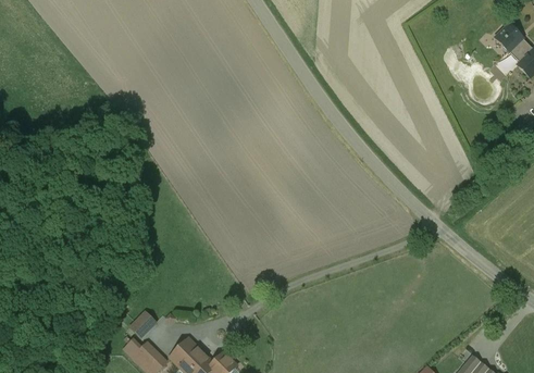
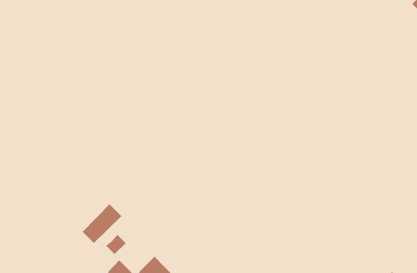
building: none -> [82,203,122,244]

